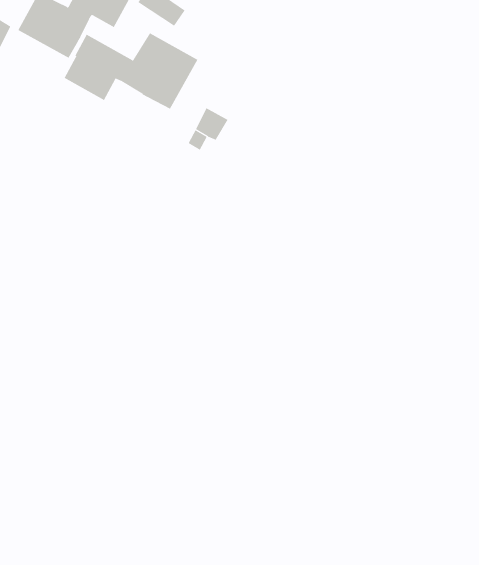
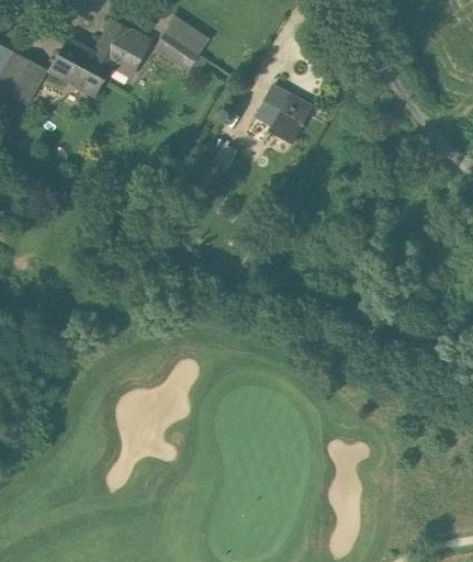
building: [64,33,198,110] -> none
building: none -> [255,85,312,143]

